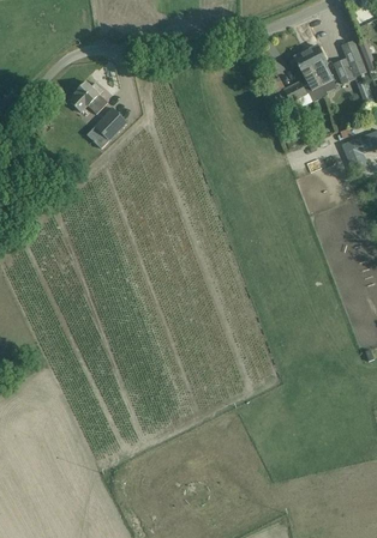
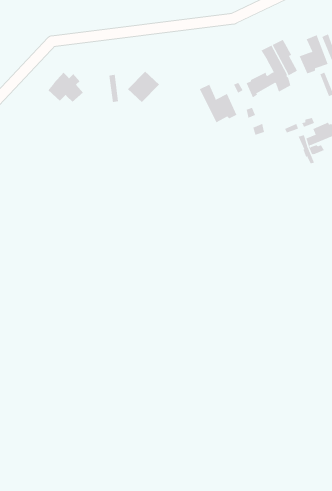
building: none -> [199,84,237,123]
building: [94,108,128,141] -> [127,71,160,103]

